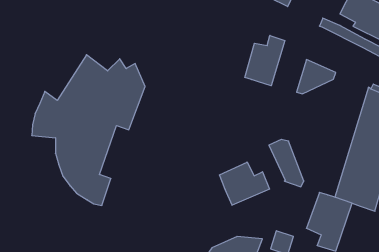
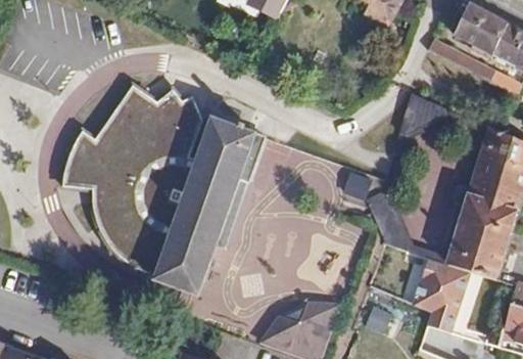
building: [245,35,285,86] -> none
building: none -> [151,117,263,295]
building: [219,162,269,205] -> none

